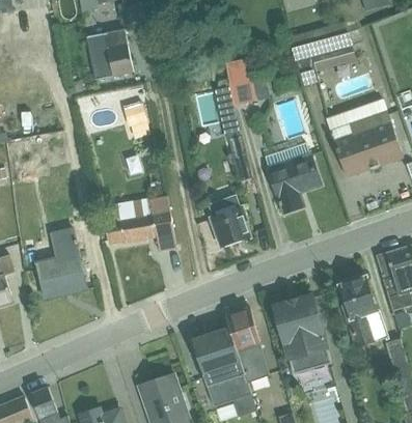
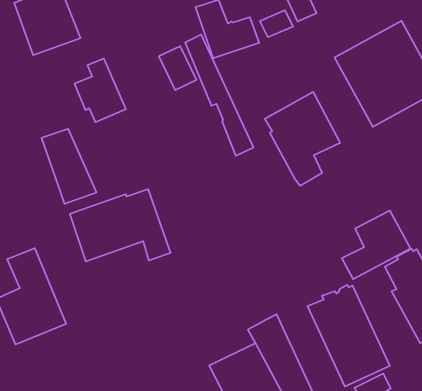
building: none -> [41,129,96,204]
building: [209,195,250,248] -> none
building: none -> [342,211,410,279]

